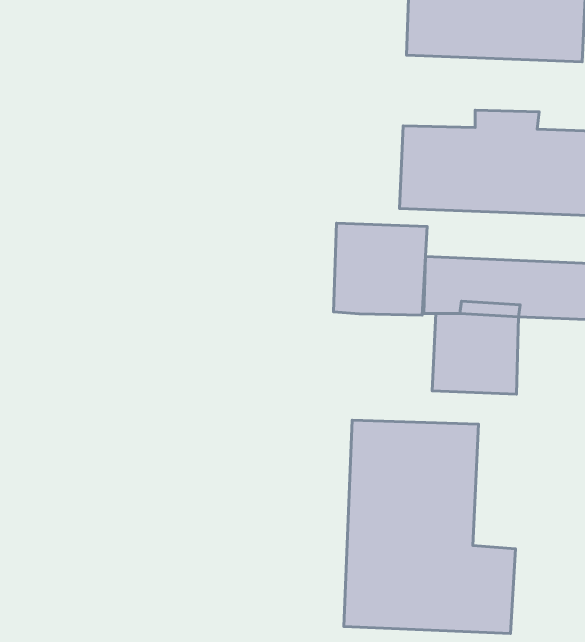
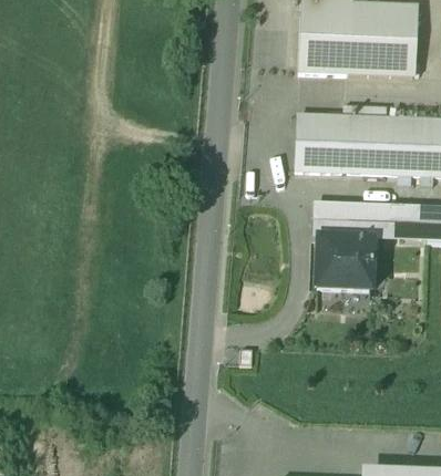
building: [334,223,427,315] -> none
building: [344,420,515,634] -> none

